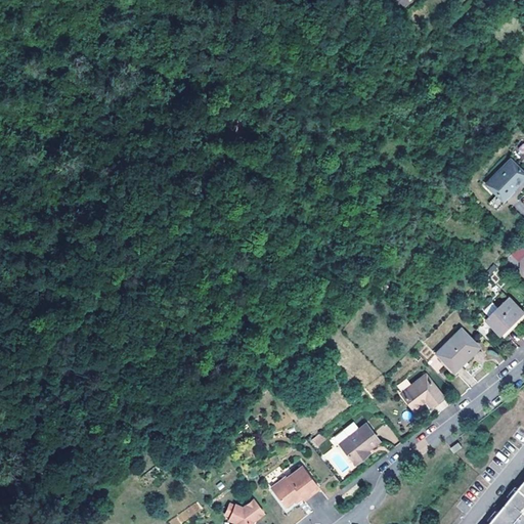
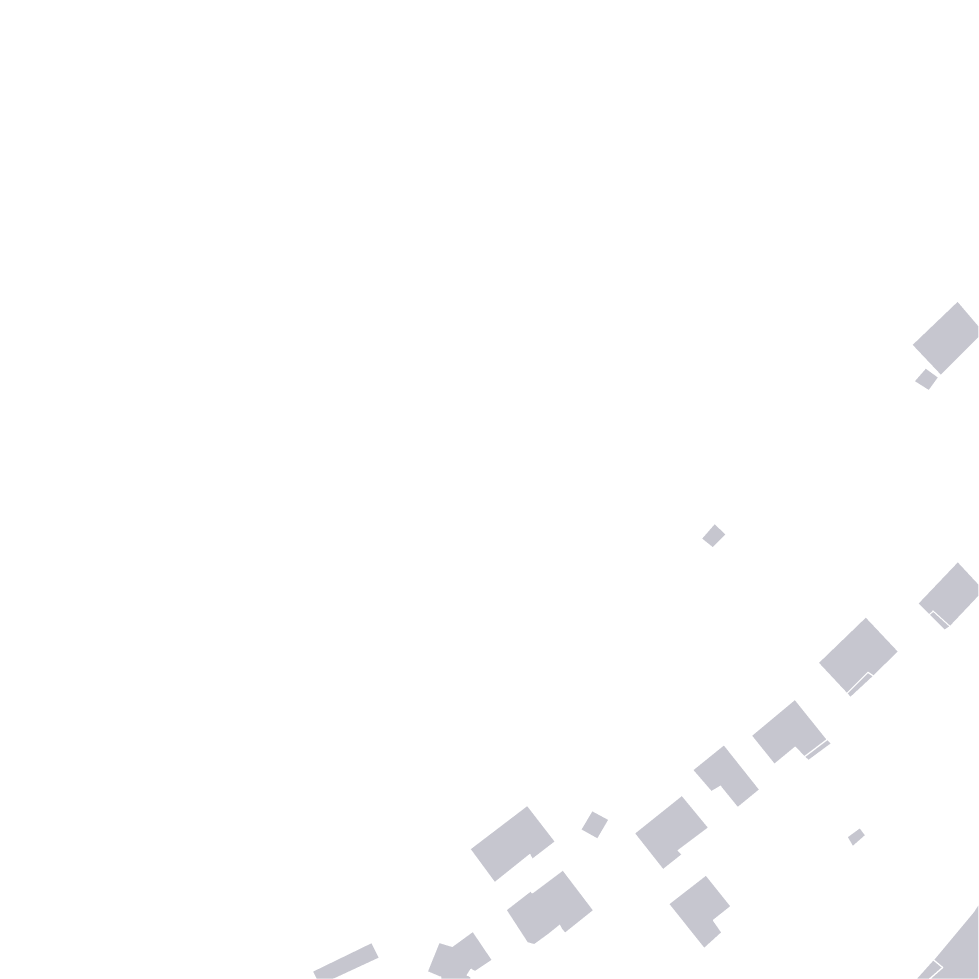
building: none -> [693,745,760,808]
building: none -> [470,805,556,883]
building: none -> [669,875,731,948]

